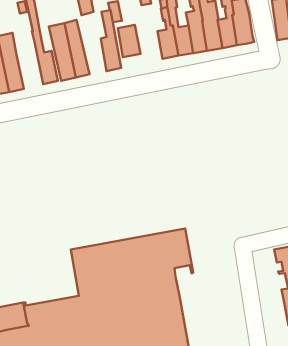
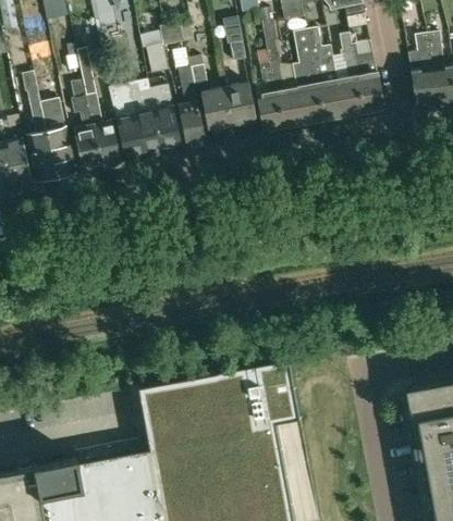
building: none -> [71,80,100,171]
building: none -> [223,83,255,126]
building: none -> [147,85,182,153]

